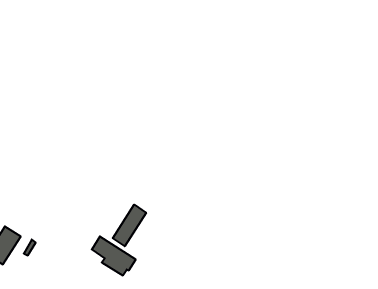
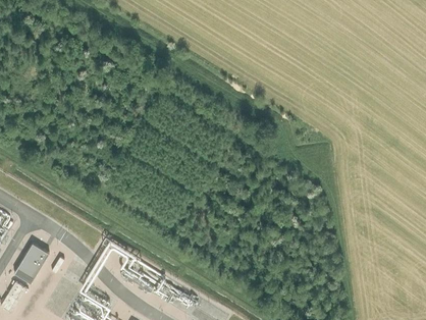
building: [113,205,146,246] -> none

